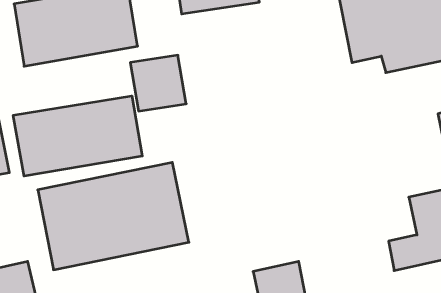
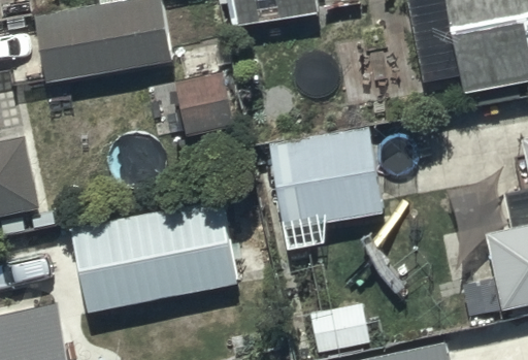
building: [13,96,142,176] -> none
building: none -> [268,127,389,229]

